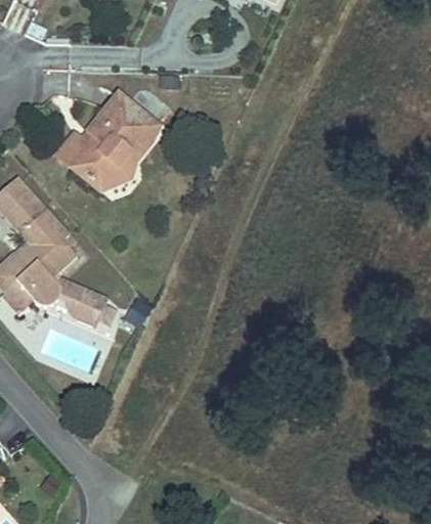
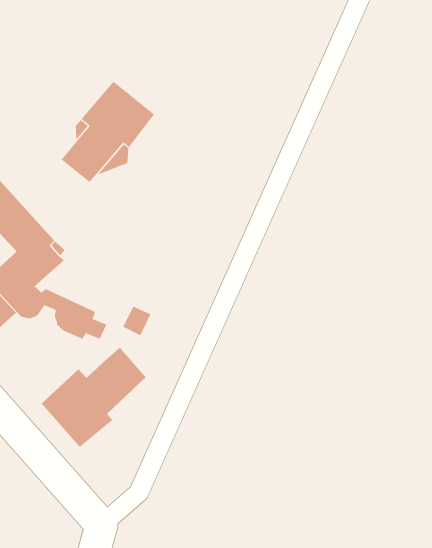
building: none -> [41,347,146,448]

